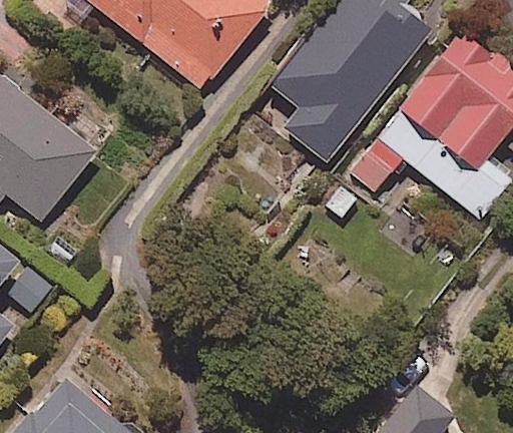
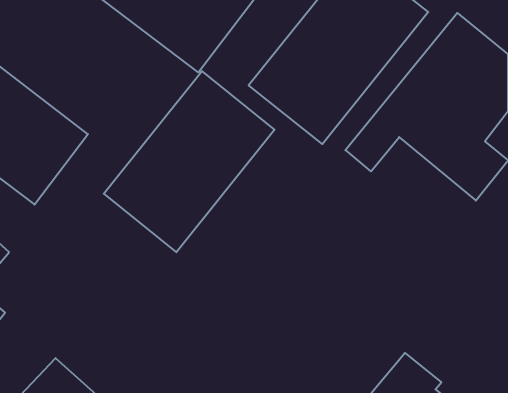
building: none -> [104,71,275,252]

